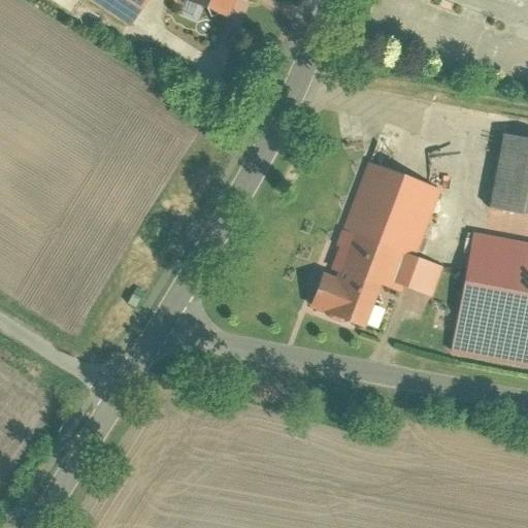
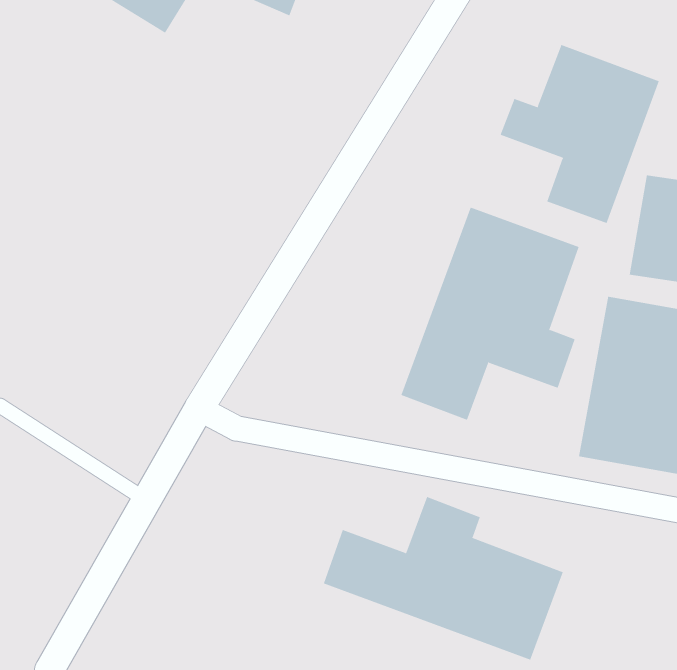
building: none -> [500,44,660,224]
building: none -> [323,496,563,660]

